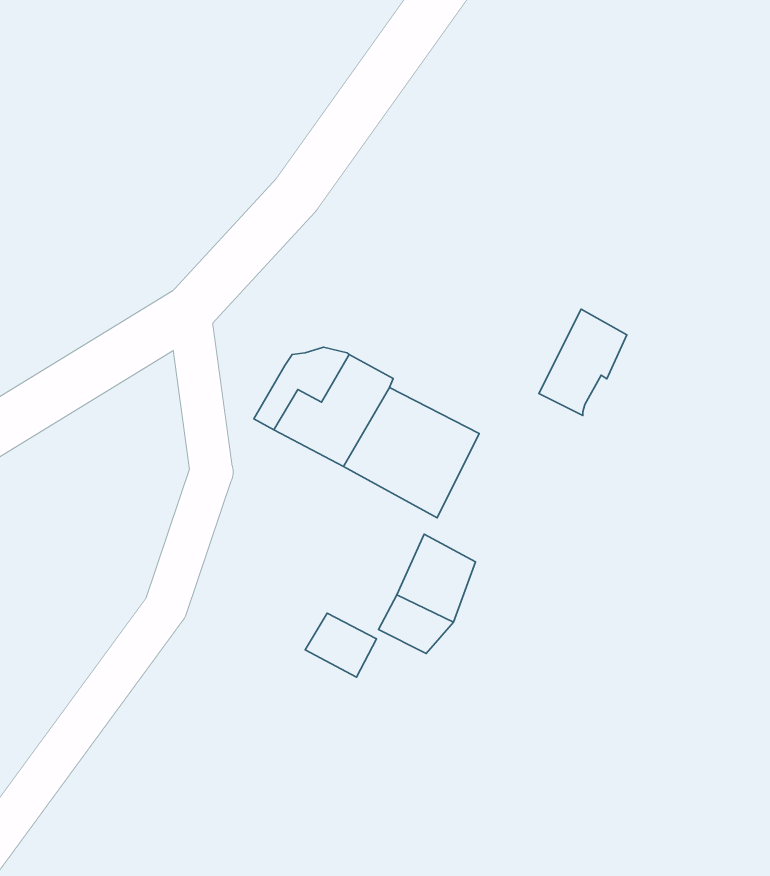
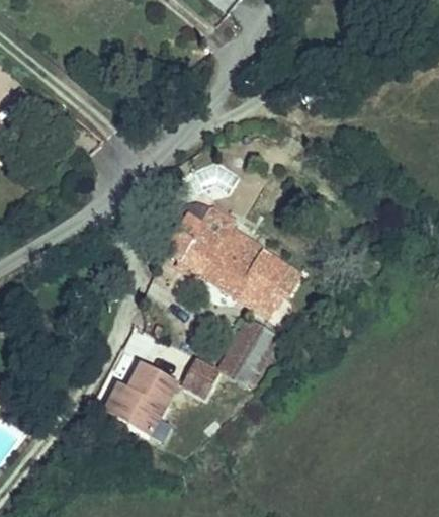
building: [539,309,627,415] -> [252,257,300,316]
building: none -> [105,361,175,433]

